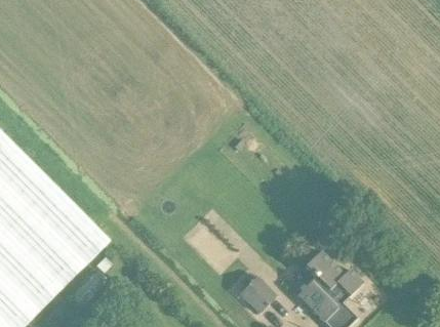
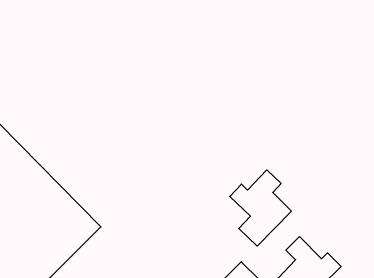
building: none -> [230,170,291,246]

